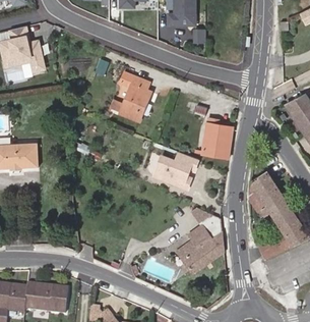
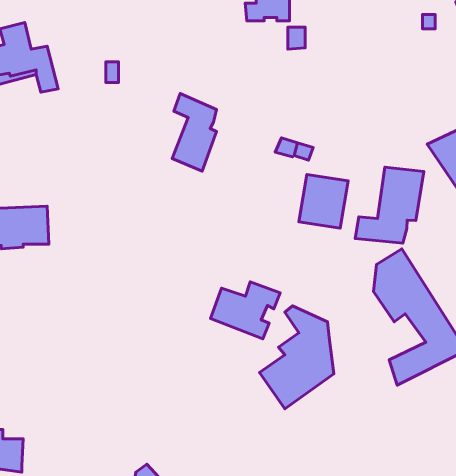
building: none -> [355,167,424,243]
building: [153,152,198,189] -> [210,282,280,339]
building: [23,285,65,313] -> none

